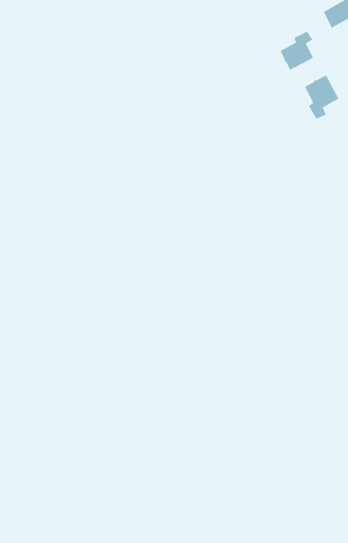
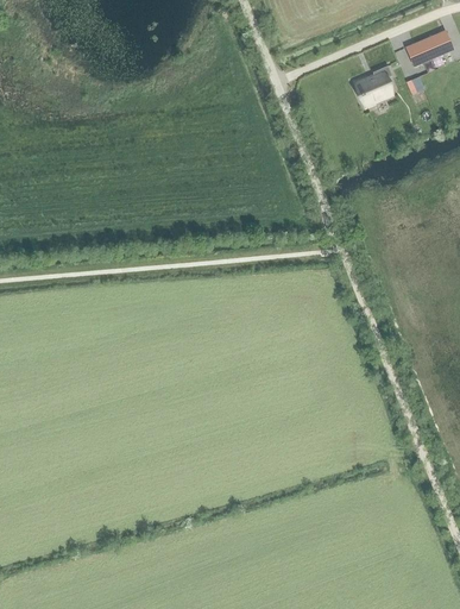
building: [304,74,339,120] -> none

